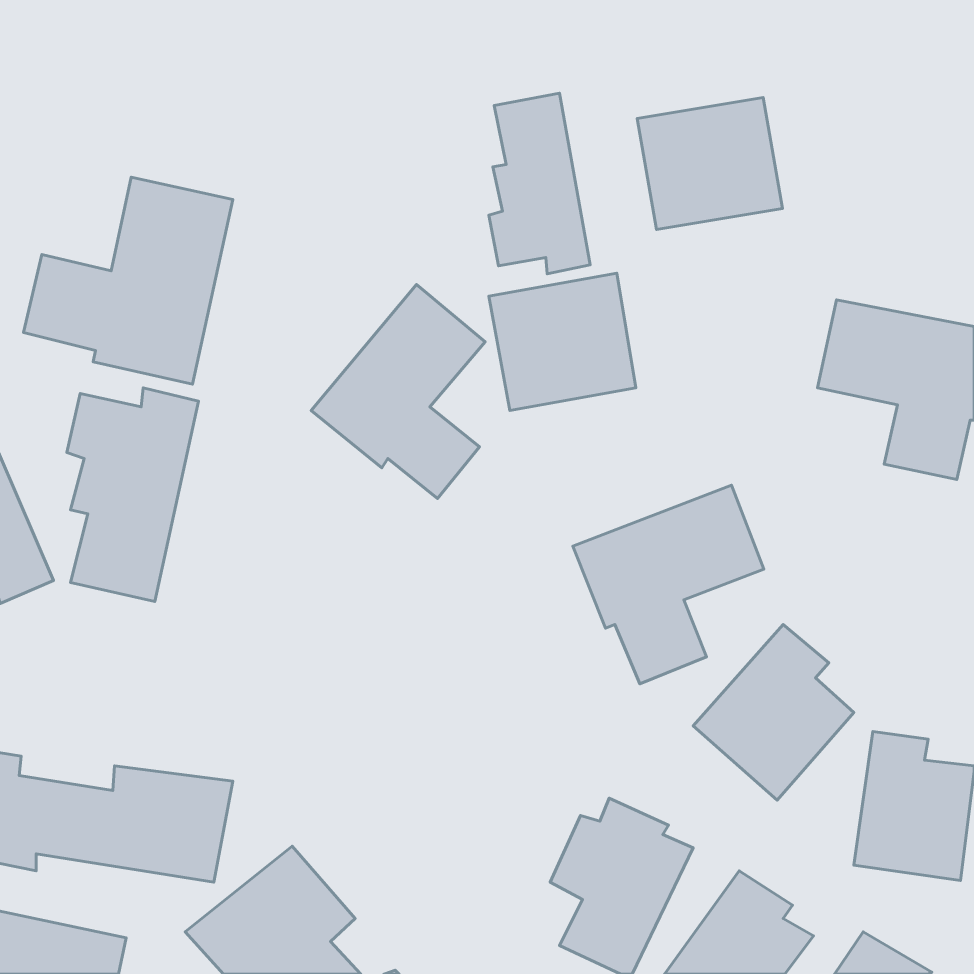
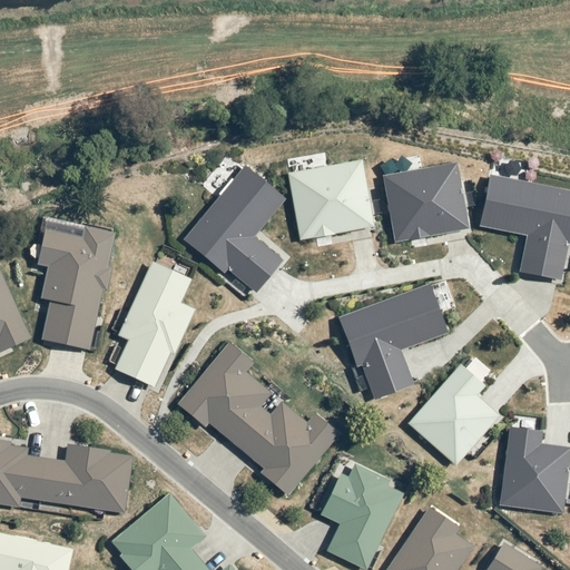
building: [489,93,590,274] -> none
building: [637,98,782,229] -> [382,164,466,240]
building: [24,177,233,384] -> none
building: none -> [114,263,193,389]
building: none -> [177,342,341,495]

